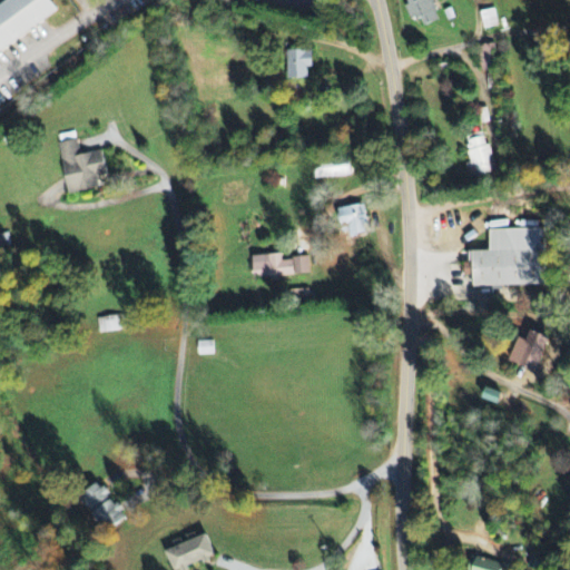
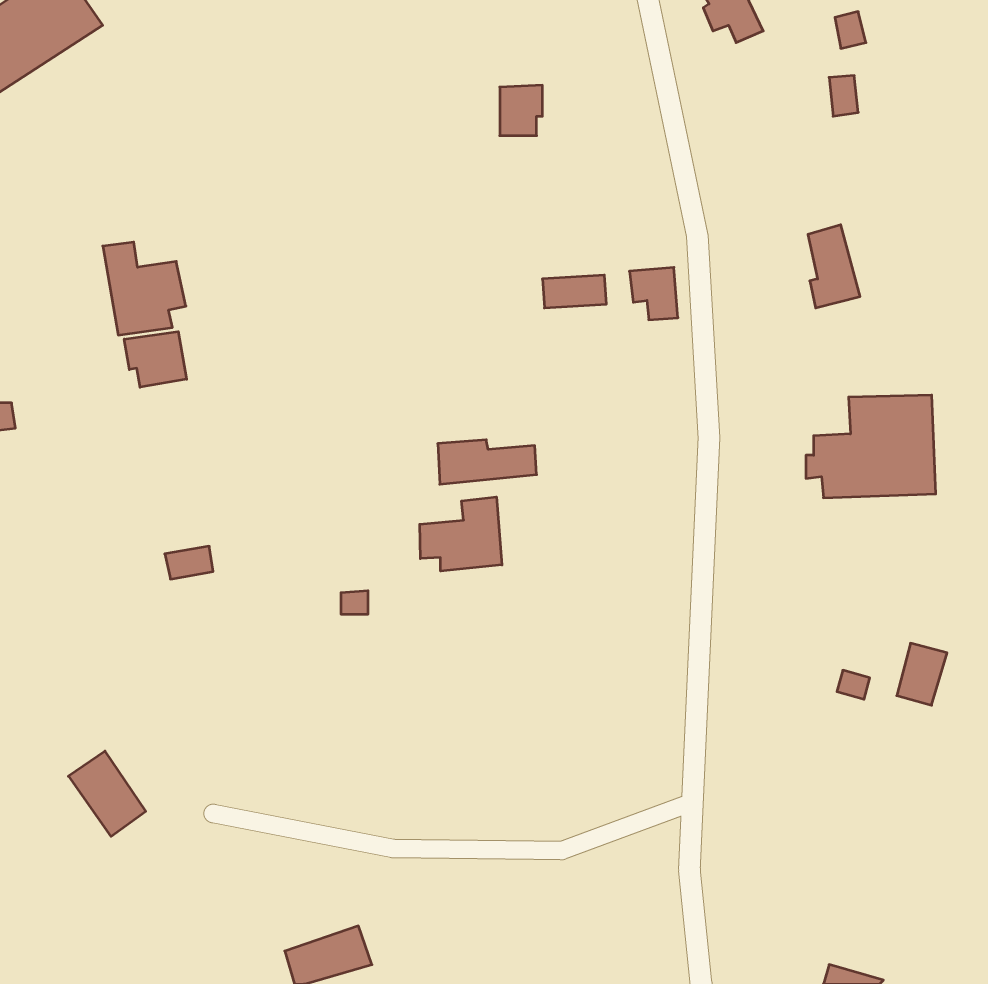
building: none -> [124,332,187,387]
building: [338,204,366,234] -> [629,267,678,320]
building: none -> [420,497,502,571]
building: [519,328,548,364] -> [897,643,947,705]
building: [78,480,122,529] -> [68,751,146,836]

